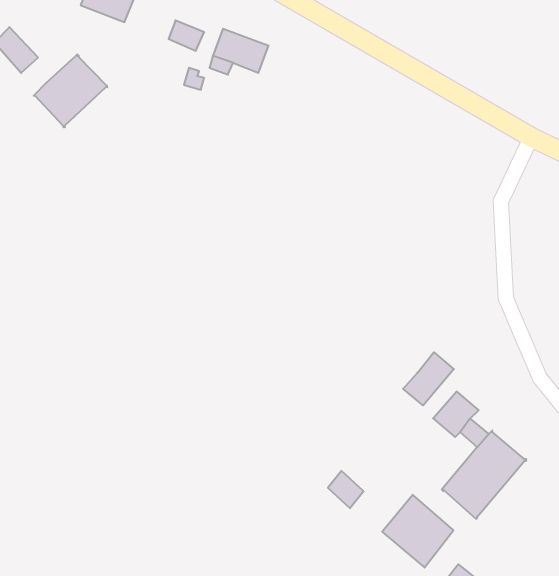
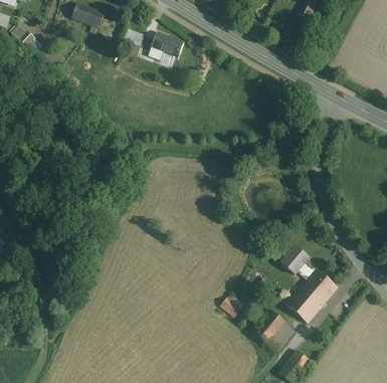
building: [34,54,107,127] -> none
building: [403,352,454,405] -> none

